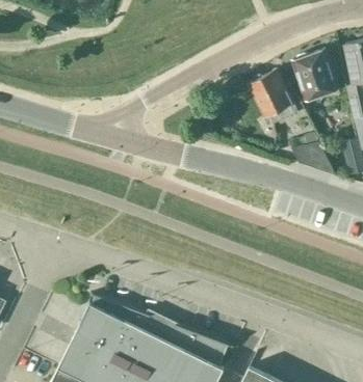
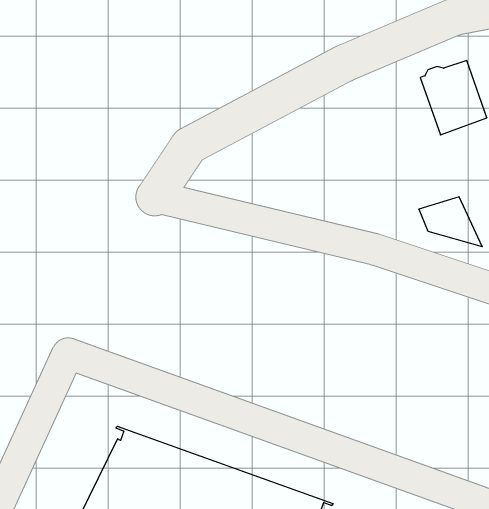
building: [249,72,296,128] -> none

